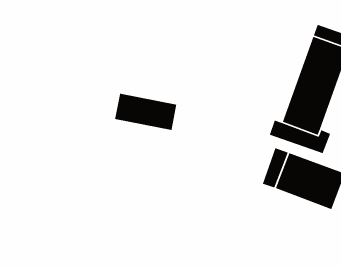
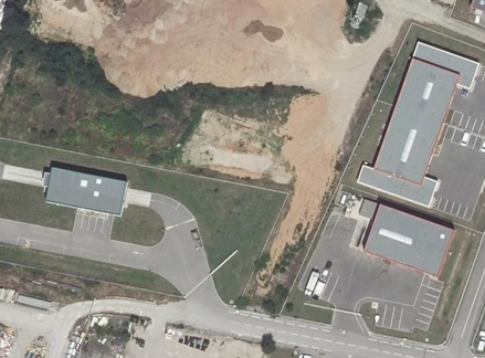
building: [114,93,177,131] -> [44,166,125,214]

